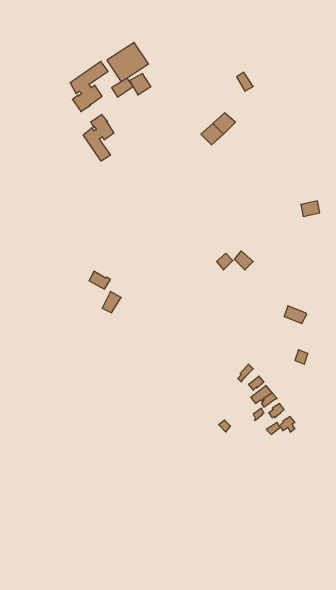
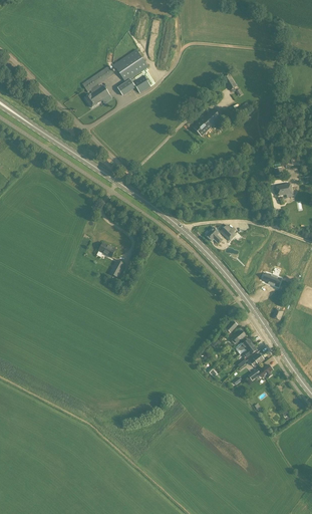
building: [83,114,114,161] -> none

